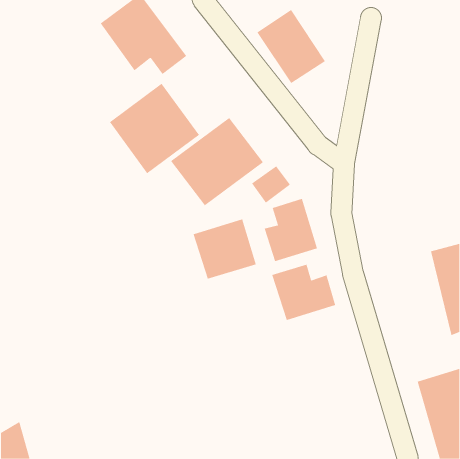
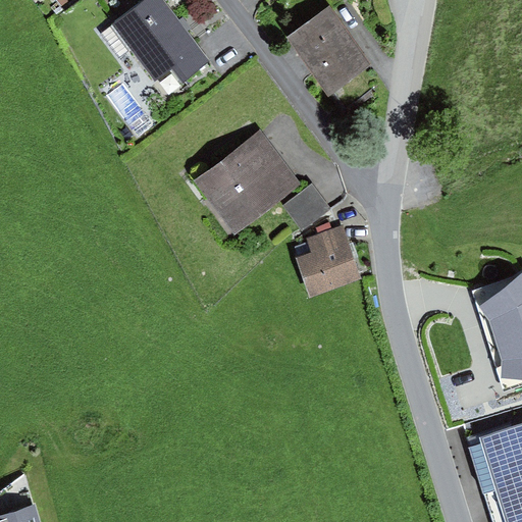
building: [109,83,200,174] -> none
building: [193,218,257,280] -> none
building: [272,264,336,321] -> none

